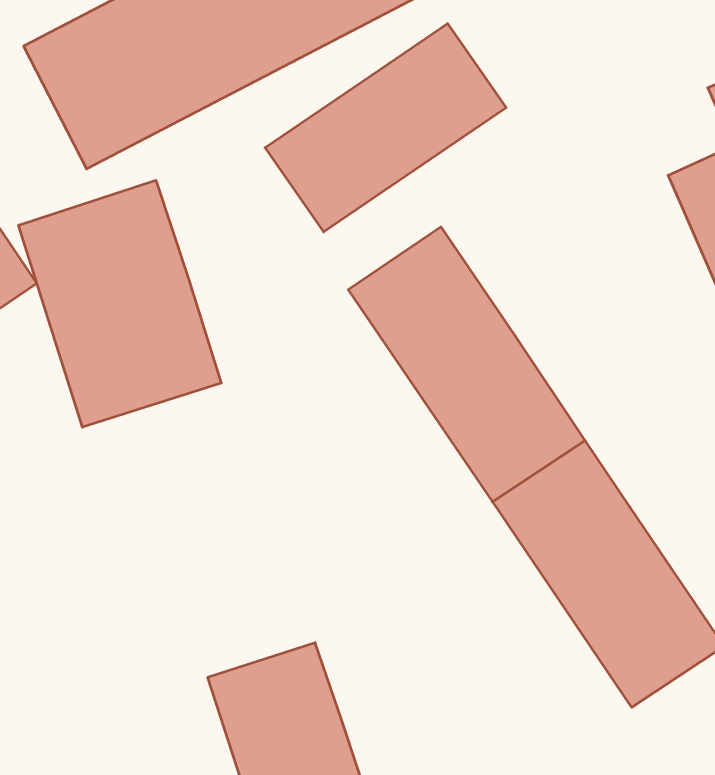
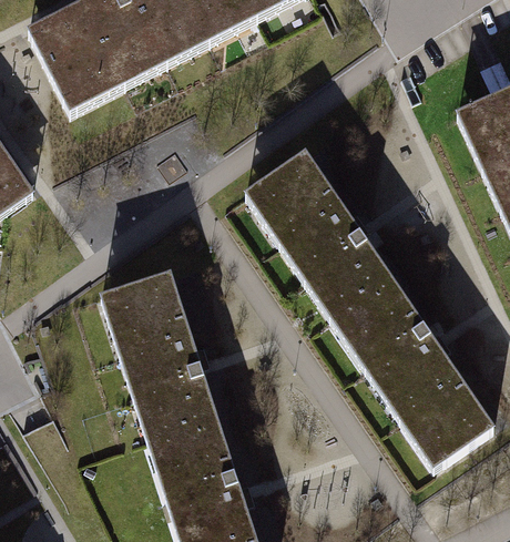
building: [265,24,506,232] -> none
building: [19,180,221,427] -> none
building: none -> [98,273,222,453]

